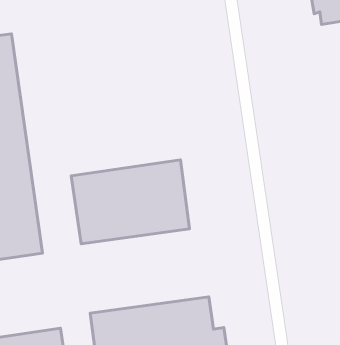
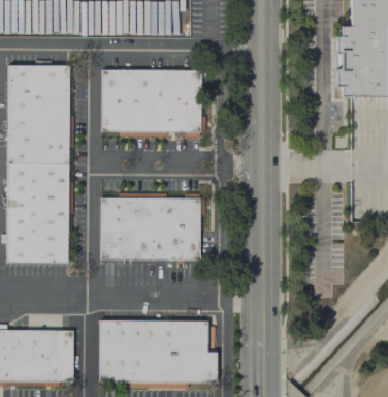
building: none -> [102,69,200,130]

